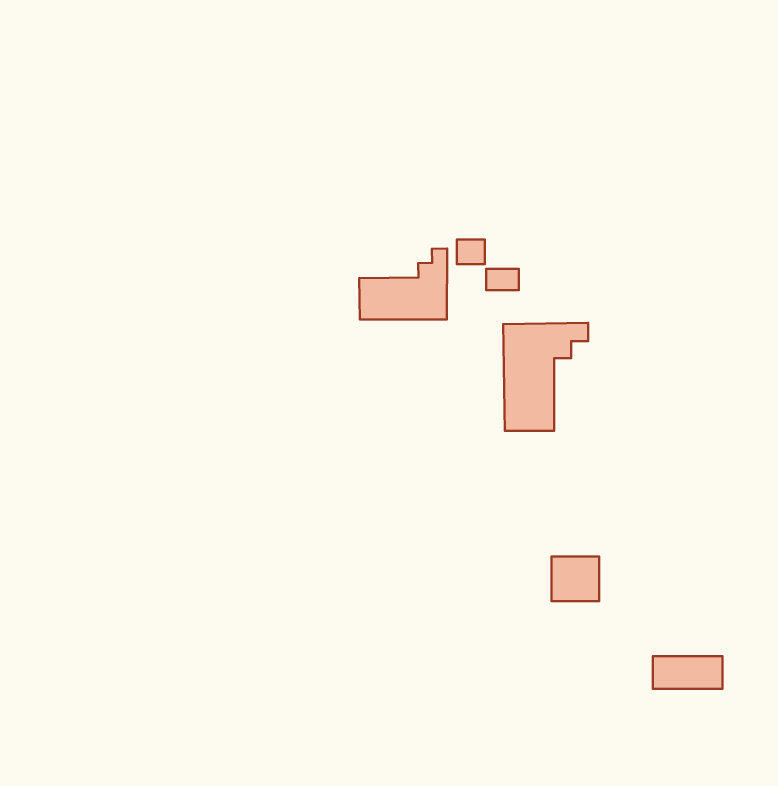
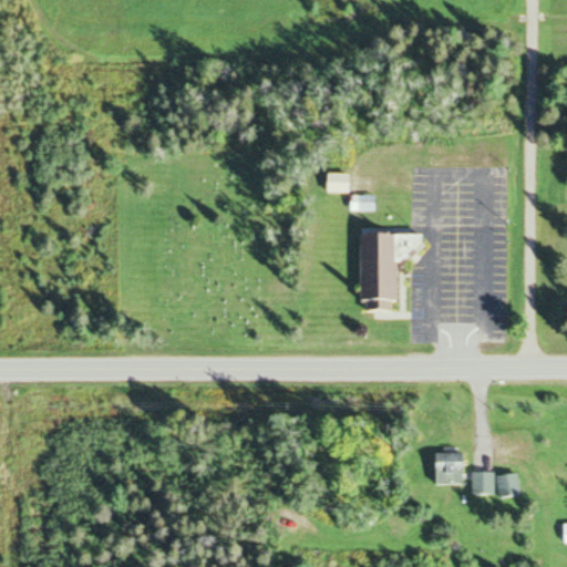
building: [359,248,447,320] -> none
building: [551,557,599,601] -> [430,451,464,483]

